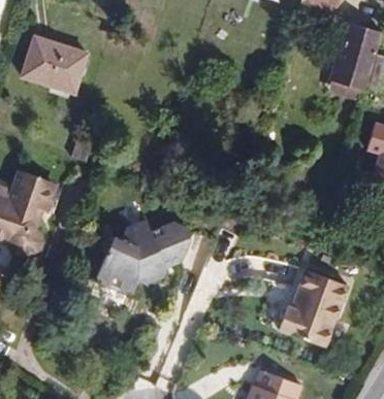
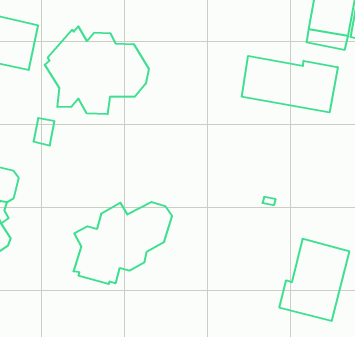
building: none -> [45,26,149,114]
building: none -> [242,56,338,112]

